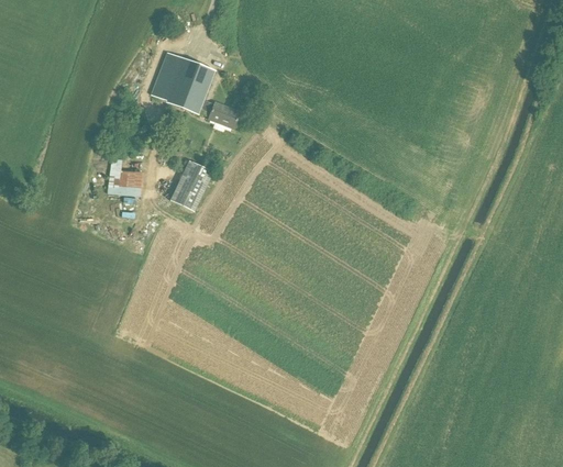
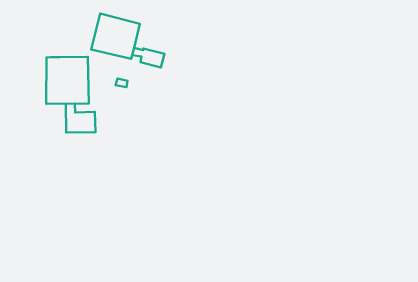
building: none -> [46,57,89,104]
building: [168,159,212,211] -> none

